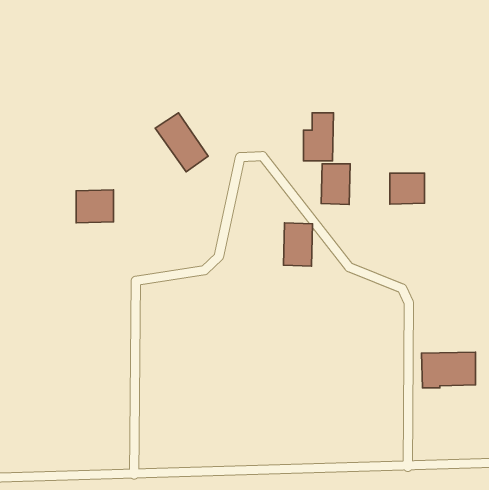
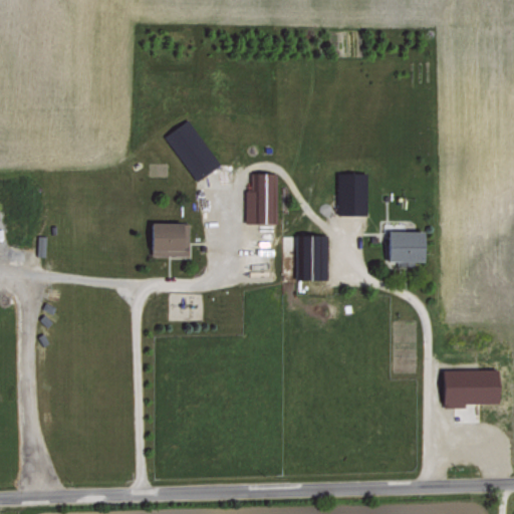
building: [304,113,334,161] -> [247,174,278,224]
building: [390,173,425,204] -> [389,231,425,263]
building: [76,190,114,223] -> [152,223,191,257]

